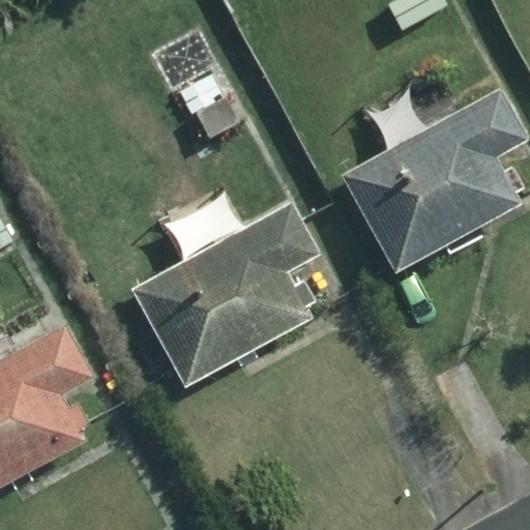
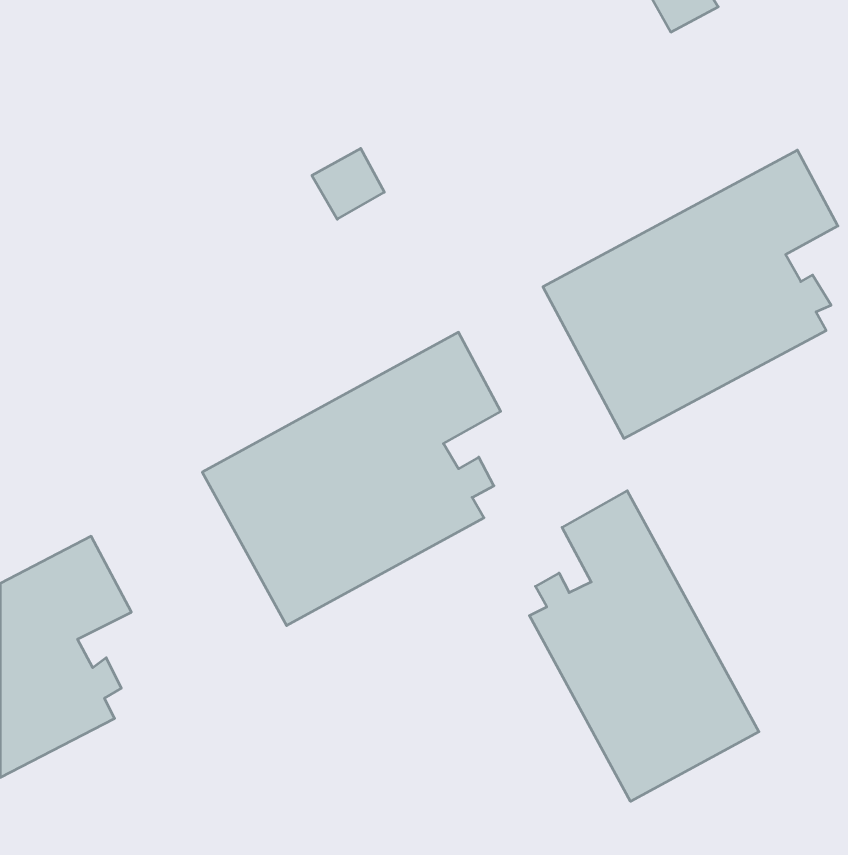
building: none -> [529,491,759,801]

